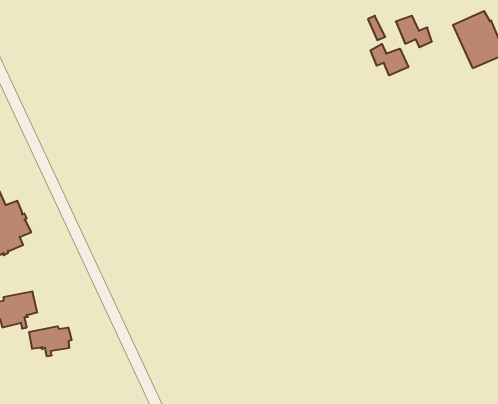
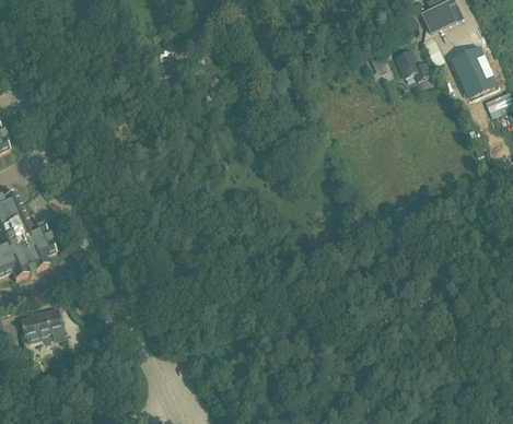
building: [371,44,408,75] -> none
building: [29,326,72,356] -> none

